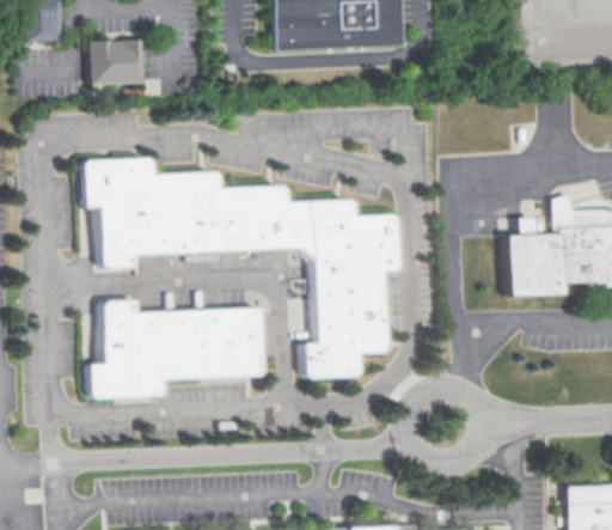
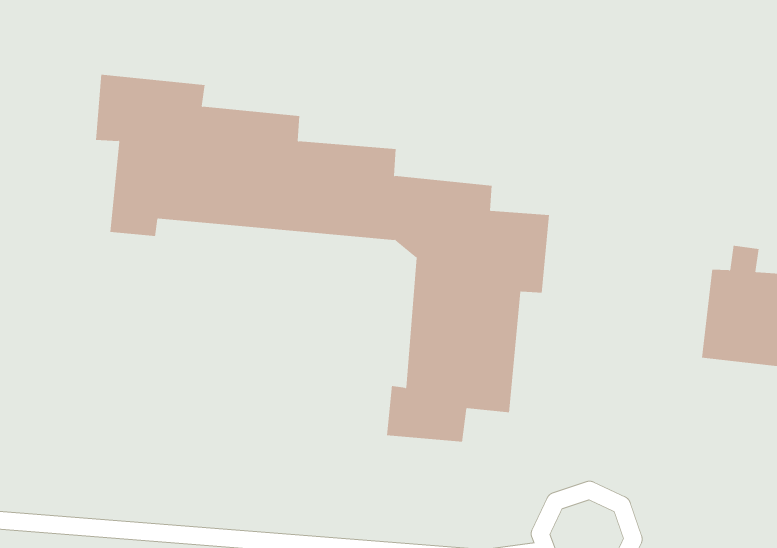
building: [91,301,262,396] -> none

